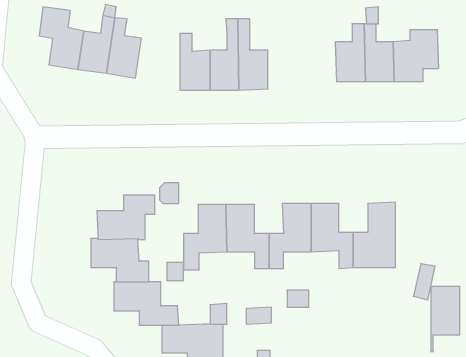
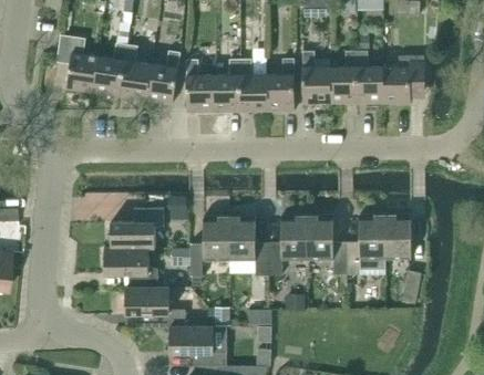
building: none -> [146,50,181,103]
building: none -> [303,51,331,103]
building: none -> [268,58,295,110]
building: [431,286,460,352] -> [385,213,412,273]

